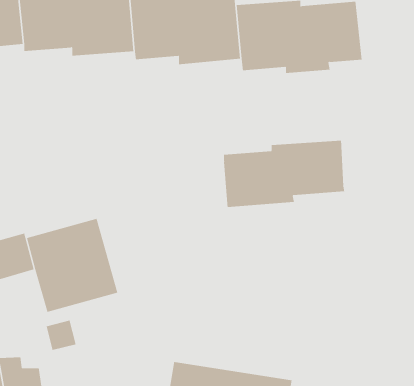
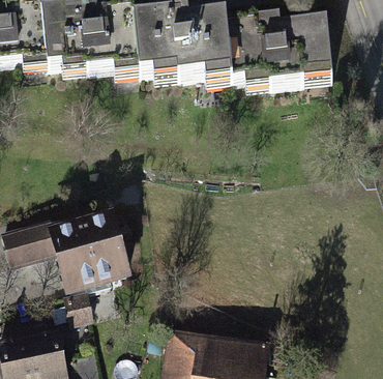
building: [223,140,345,208] -> none

